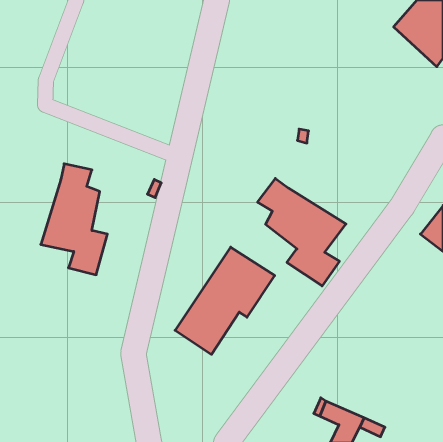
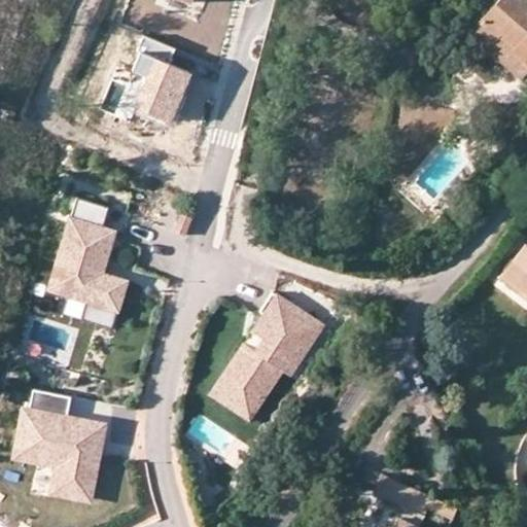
building: none -> [131,37,189,124]
building: [258,178,346,286] -> none
building: none -> [12,387,107,505]

